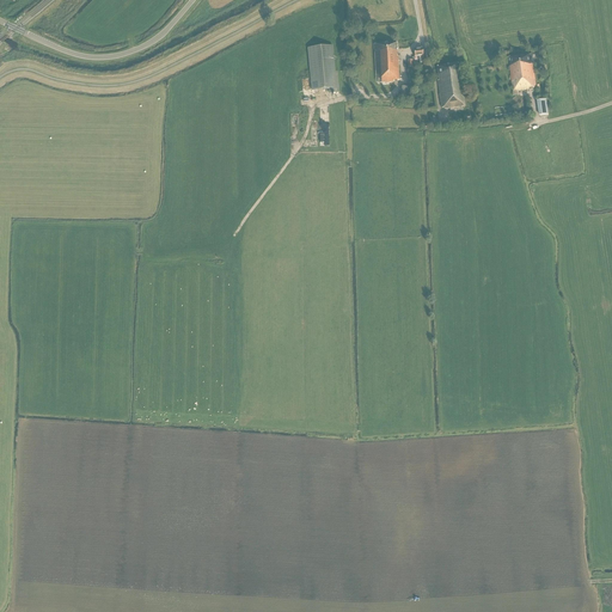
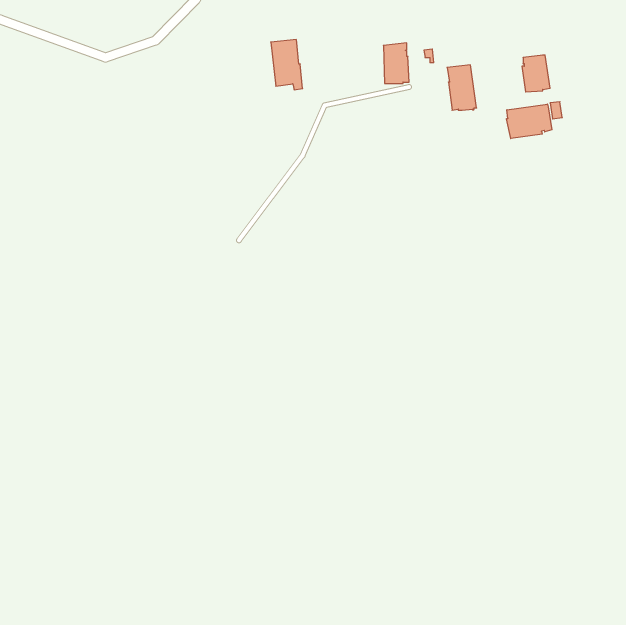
building: [307,44,338,93] -> [271,40,303,90]
building: none -> [506,104,552,139]

